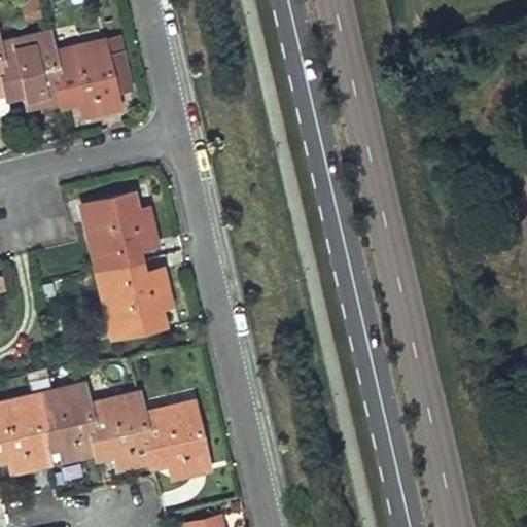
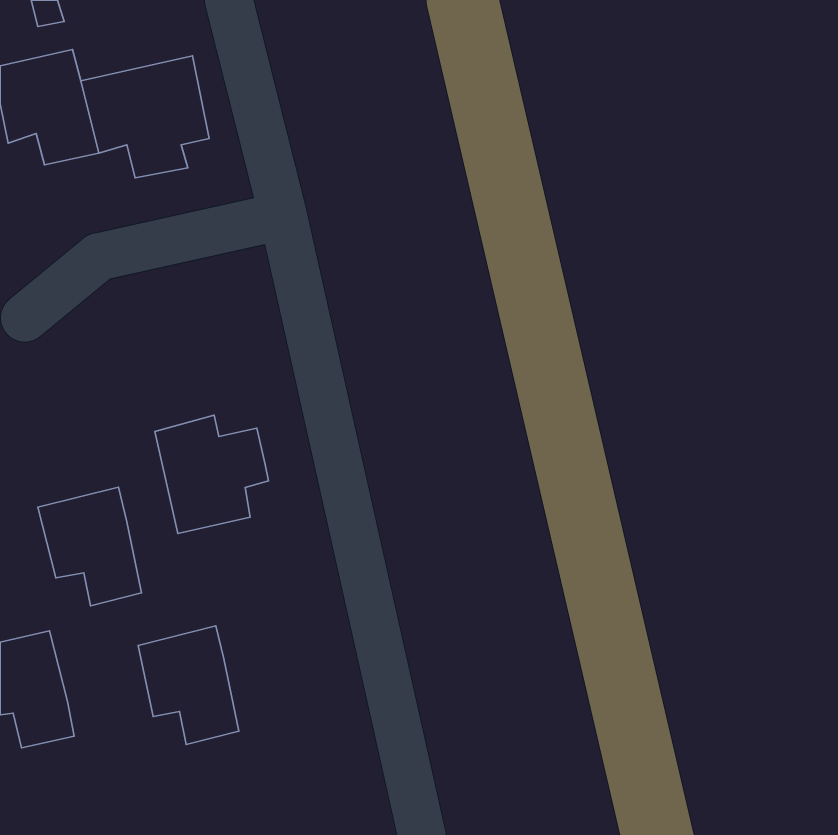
building: [83,197,156,274] -> none
building: [33,386,98,460] -> [38,487,142,606]
building: [142,405,208,477] -> none

